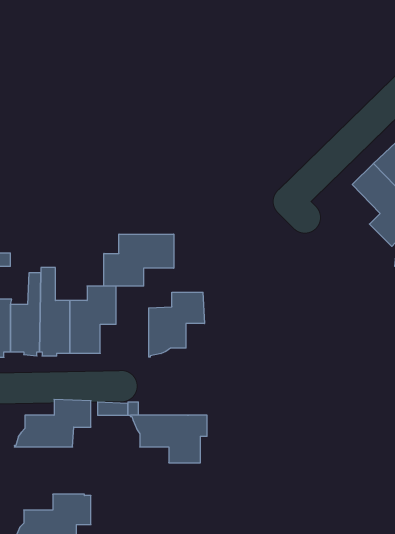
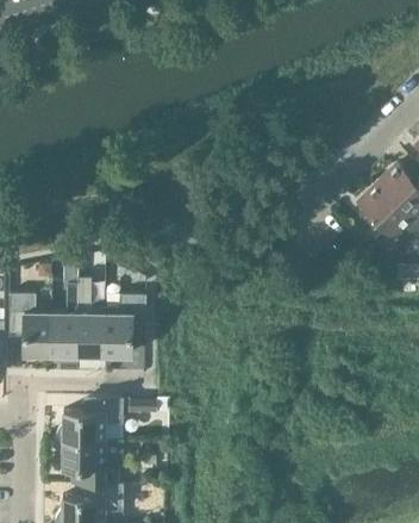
building: [104,234,174,286] -> none
building: [149,292,204,357] -> none
building: [130,415,207,463] -> [52,440,121,482]

